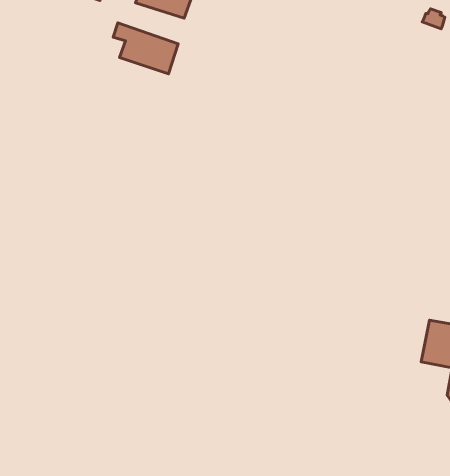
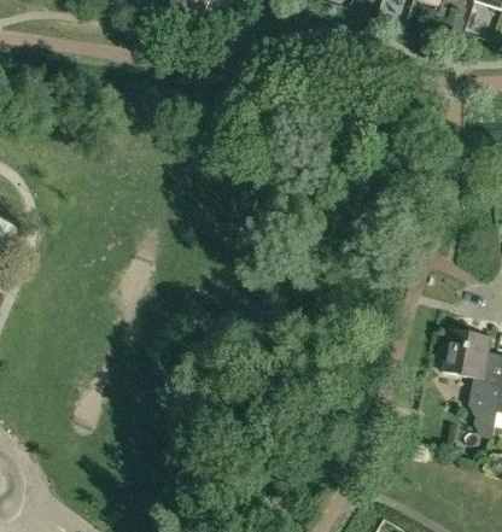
building: [113,23,178,74] -> none

